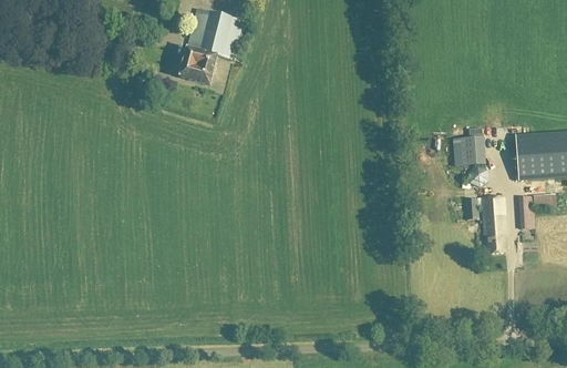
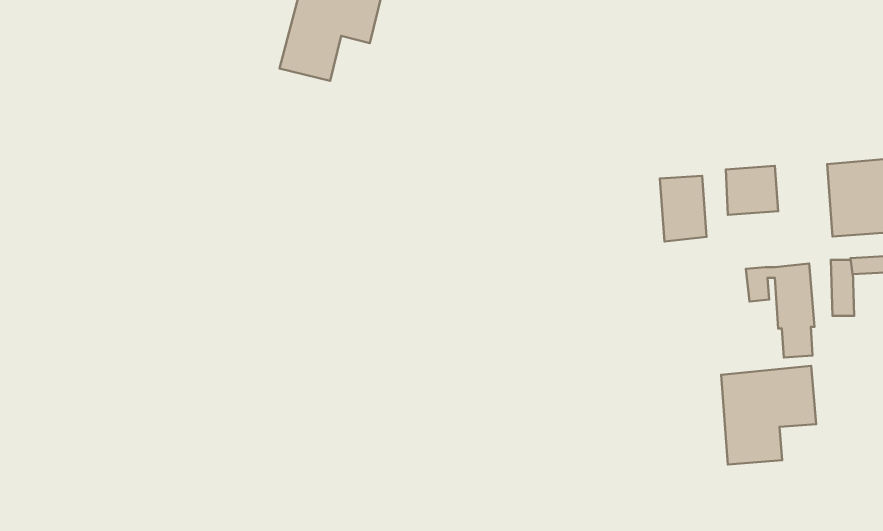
building: none -> [660,176,706,242]
building: none -> [721,366,816,464]

